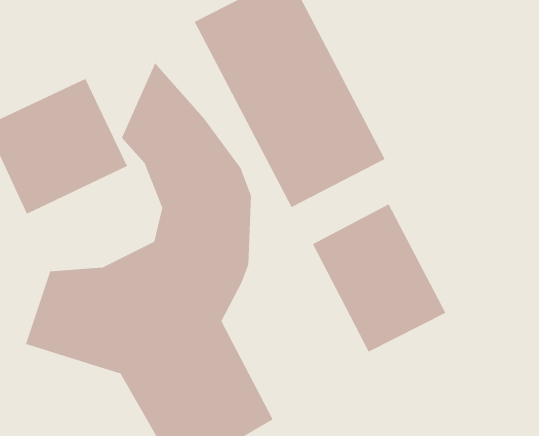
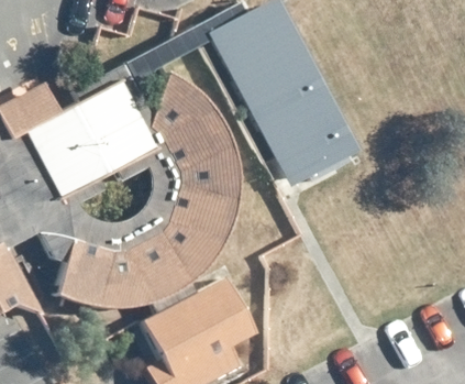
building: [312,203,446,352] -> none

